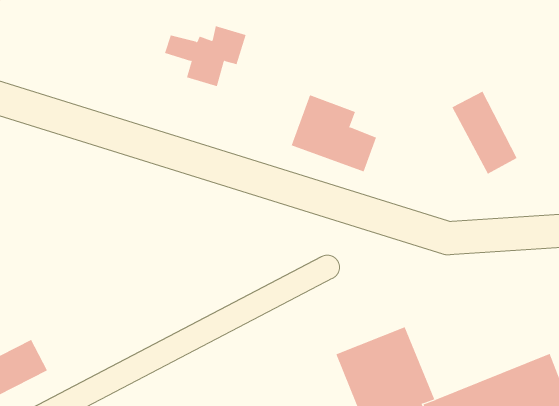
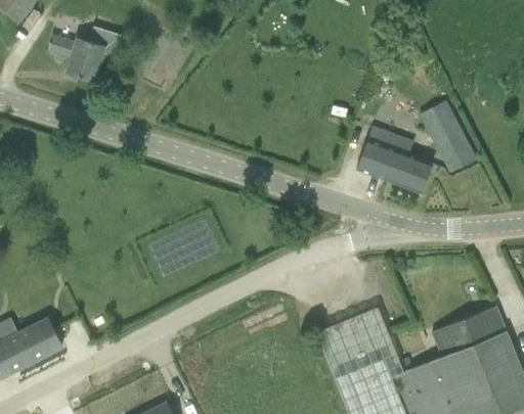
building: [164,25,247,87] -> [47,27,120,81]
building: [291,94,377,172] -> [356,125,432,193]
building: none -> [431,307,505,357]

